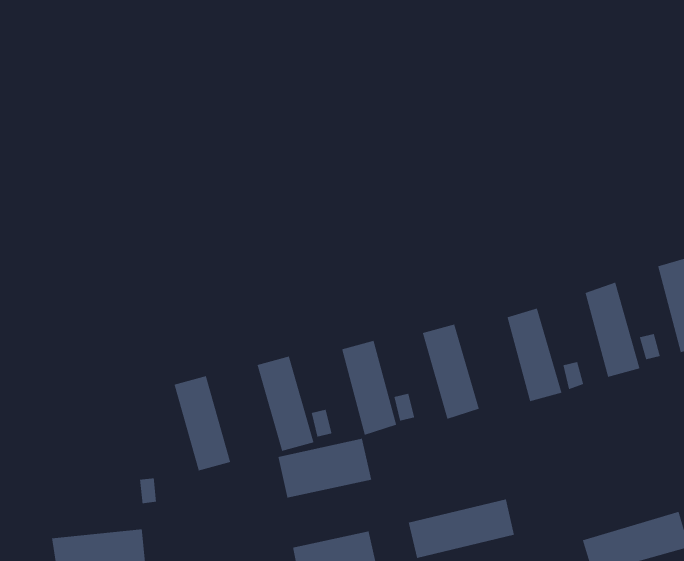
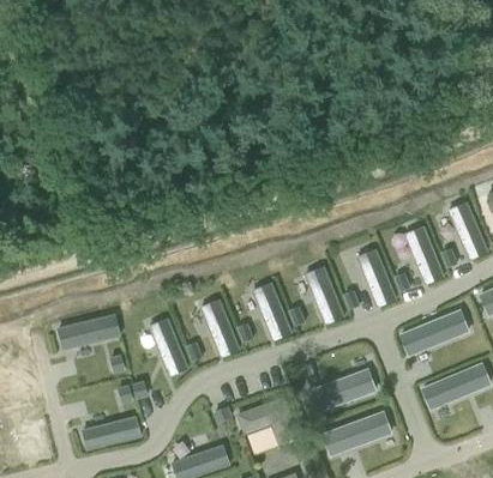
building: none -> [58,316,120,351]
building: none -> [397,310,467,357]
building: [277,438,372,499] -> none

